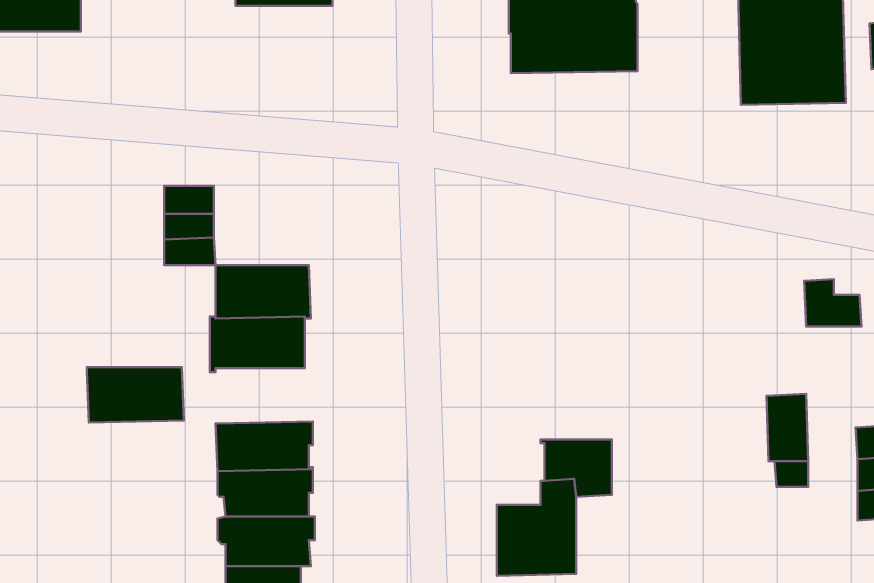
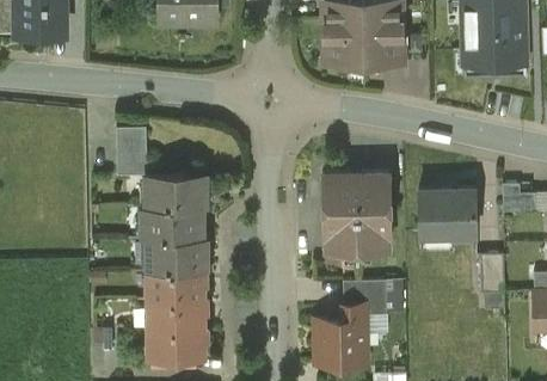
building: none -> [322,177,391,252]
building: none -> [418,195,477,238]
building: [87,367,184,423] -> [147,240,205,274]

